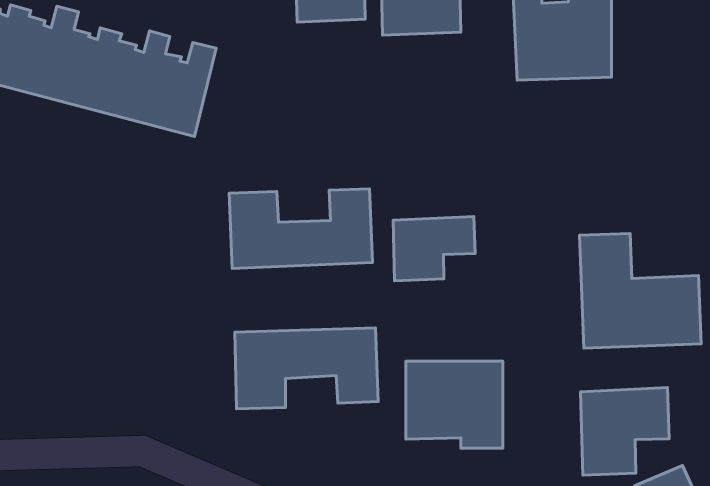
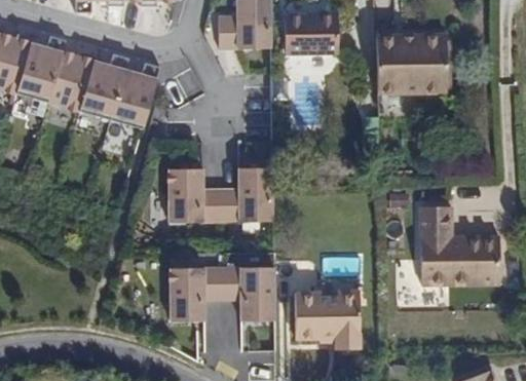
building: [393,216,475,281] -> none
building: [581,388,669,475] -> none

